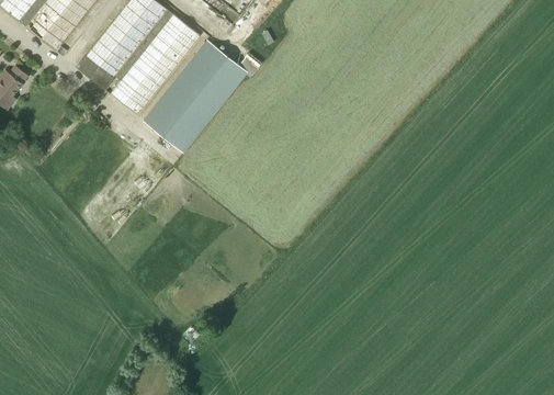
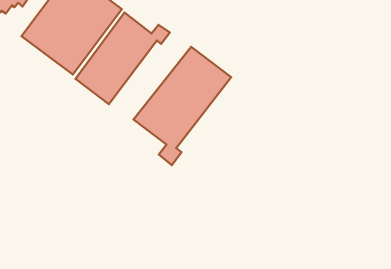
building: none -> [134,47,231,165]

